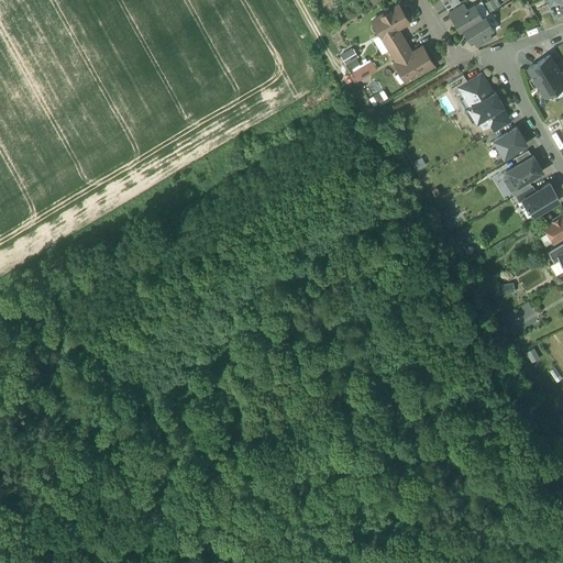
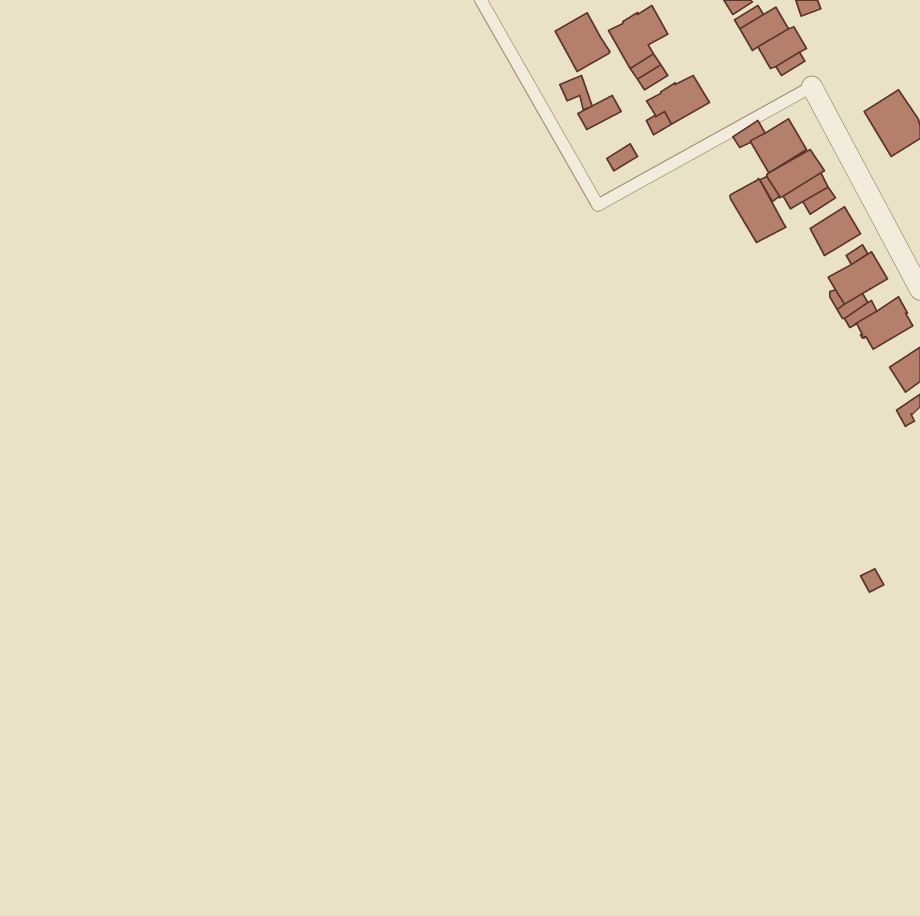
building: none -> [555,13,610,71]
building: none -> [730,178,786,242]

